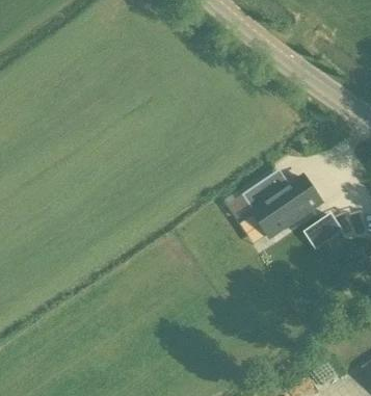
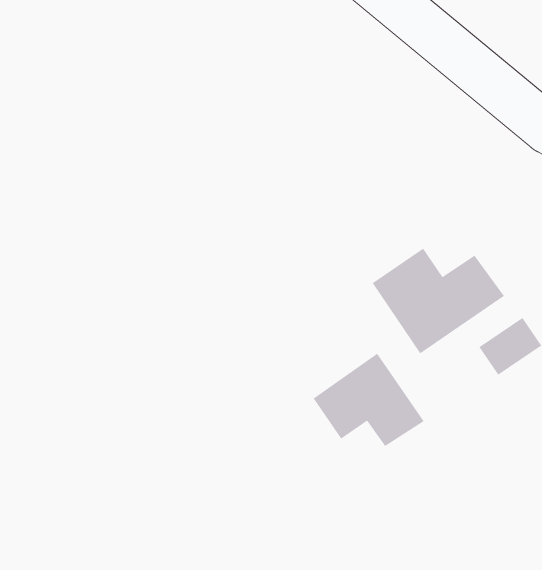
building: none -> [313,353,424,447]

